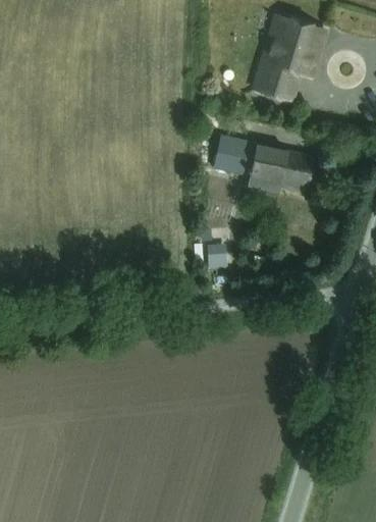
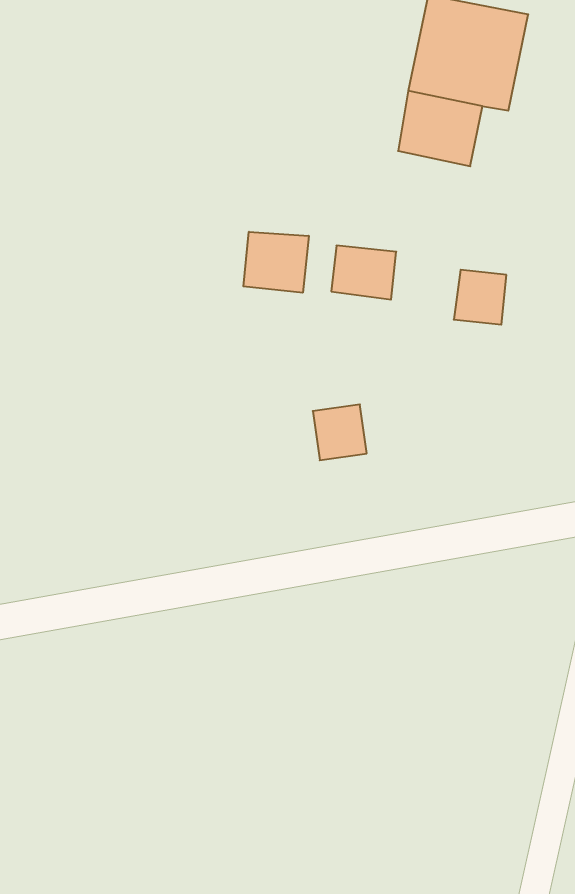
building: none -> [243,232,309,293]
building: [246,146,284,182] -> none

